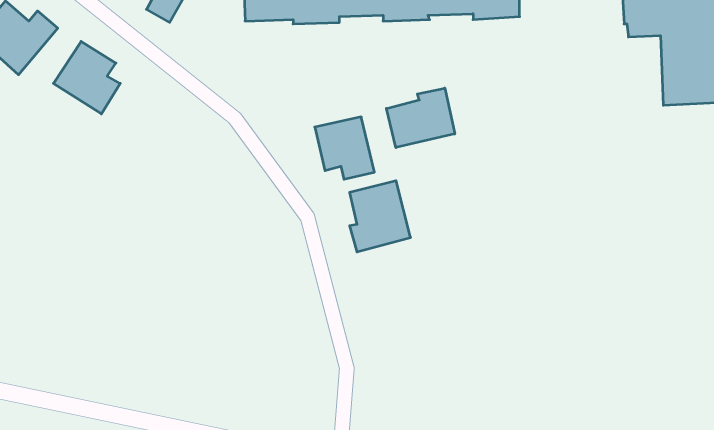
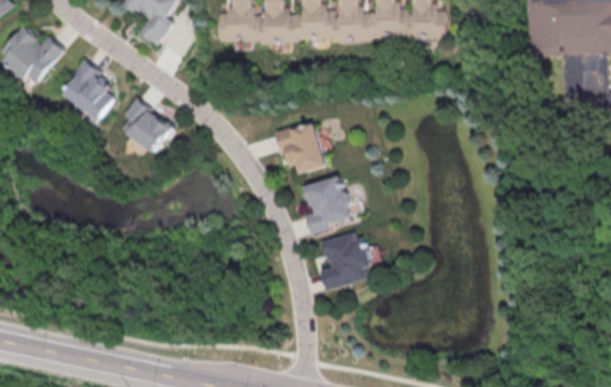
building: none -> [117,98,175,153]
building: [386,88,455,148] -> none
building: none -> [321,229,375,290]

